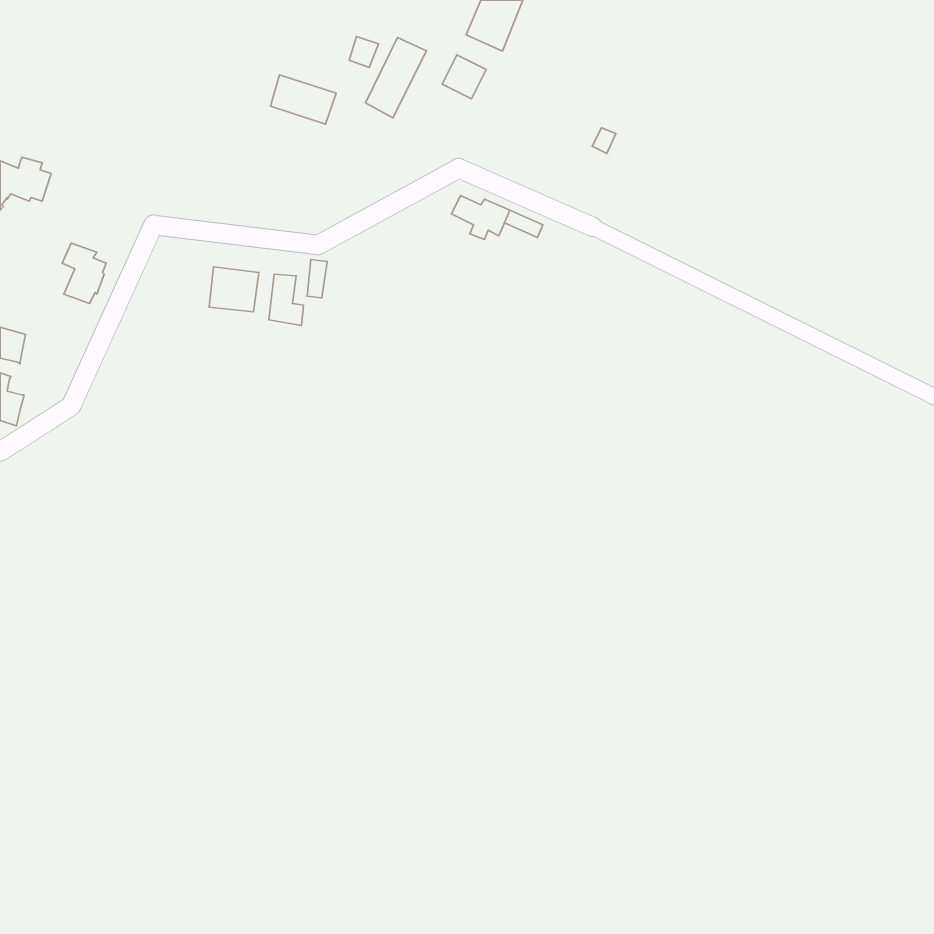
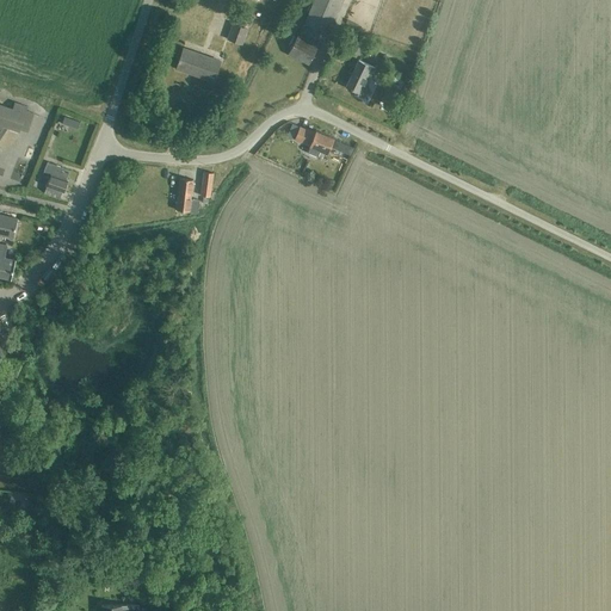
building: [365,38,426,118] -> none
building: none -> [345,60,374,98]
building: [209,267,259,312] -> none

